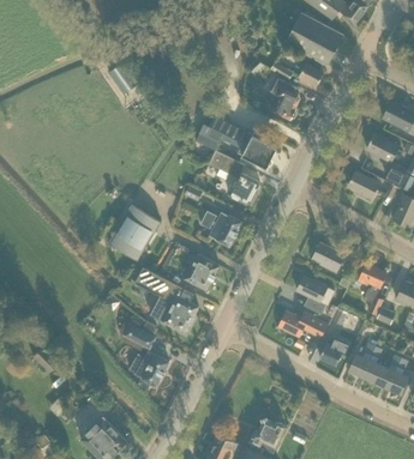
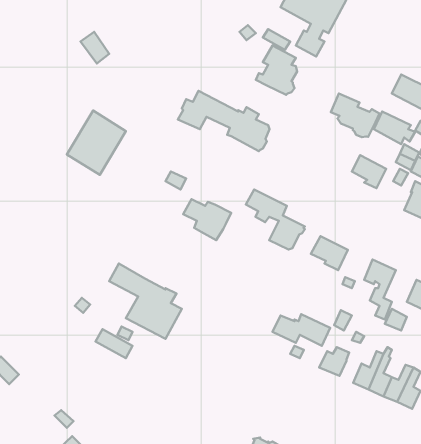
building: none -> [331,94,379,137]
building: [208,151,259,204] -> [246,189,305,250]
building: [108,205,160,261] -> [67,111,126,175]
building: [184,254,218,291] -> none
building: [295,277,335,315] -> none
building: [128,351,168,389] -> none

